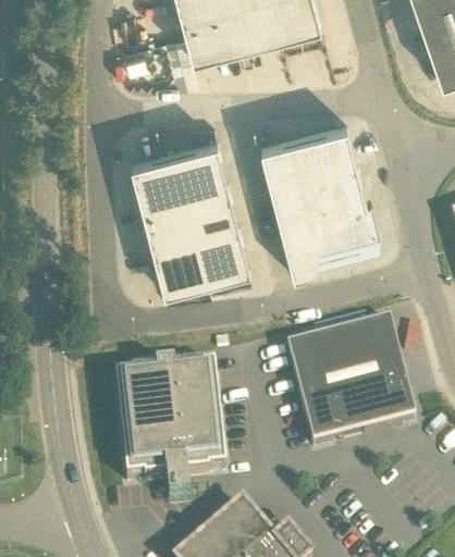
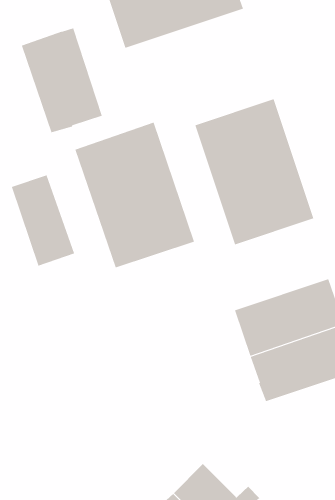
building: none -> [21,28,103,133]
building: none -> [11,174,75,266]
building: [114,362,225,502] -> none

